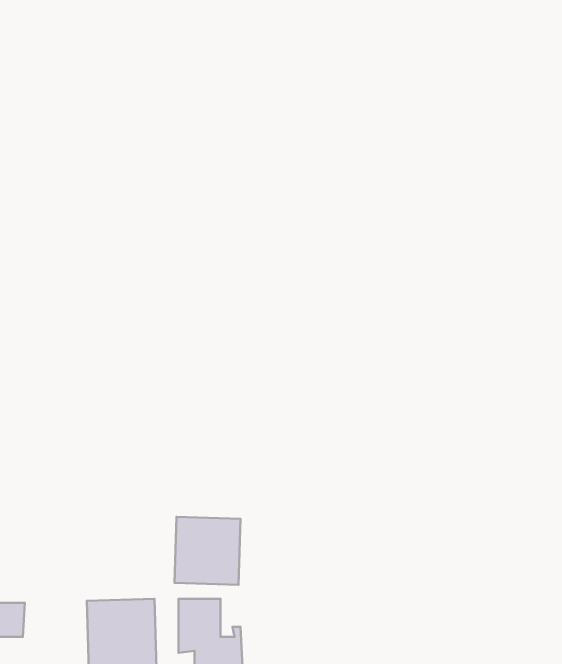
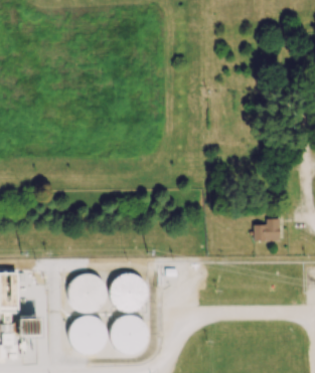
building: none -> [254,217,281,240]
building: none -> [69,276,105,311]

